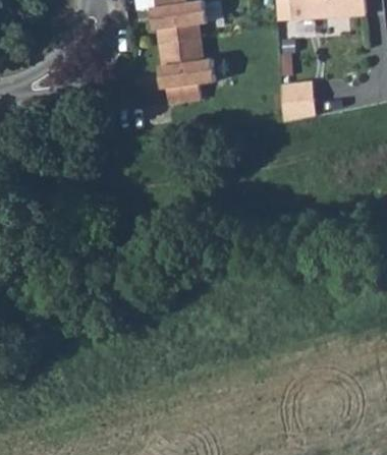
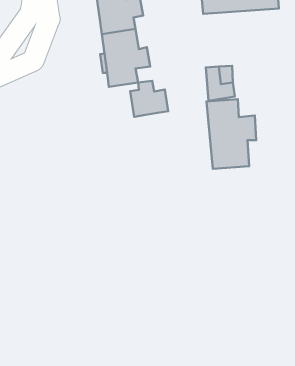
building: none -> [130,81,168,117]
building: none -> [206,99,256,169]

